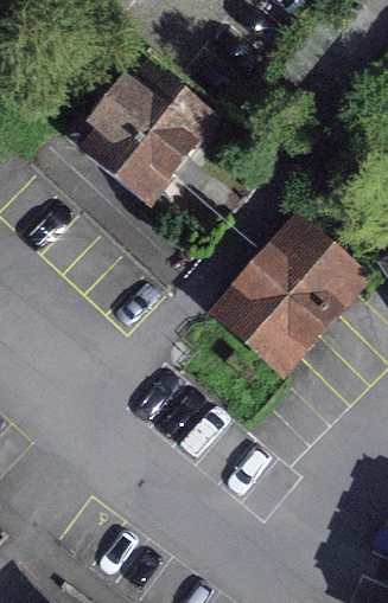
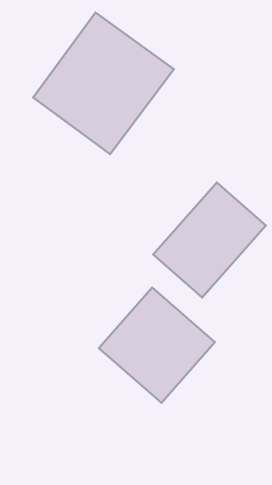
building: none -> [99,287,215,403]

